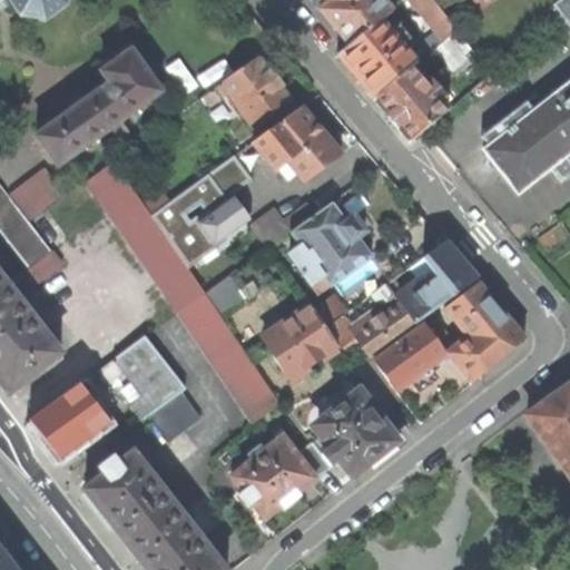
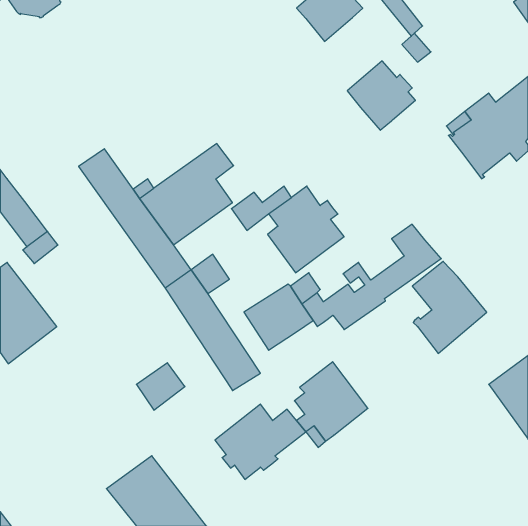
building: [337,19,416,98] -> none
building: [36,49,161,165] -> none
building: [203,56,291,126] -> none
building: [253,106,340,179] -> none
building: [8,166,62,217] -> none
building: [373,323,450,391] -> none
building: [98,336,185,419] -> none
building: [30,377,110,458] -> none
building: [85,452,164,527] -> none

